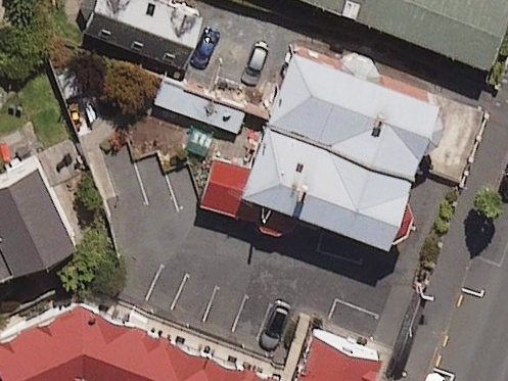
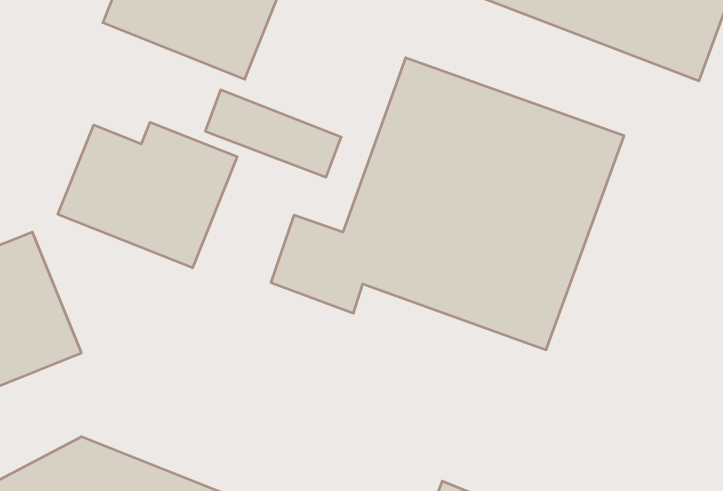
building: none -> [58,122,237,268]

